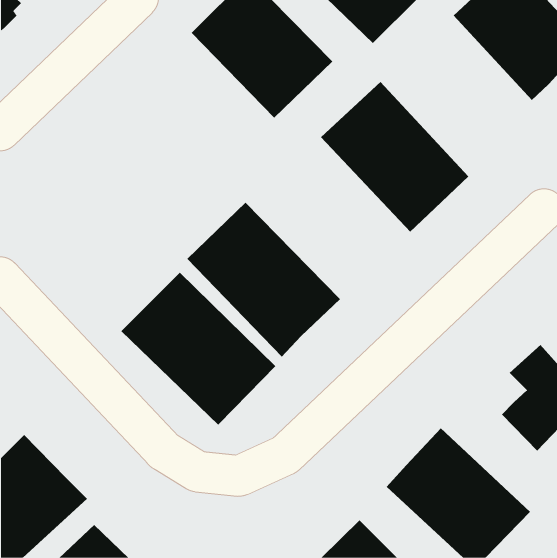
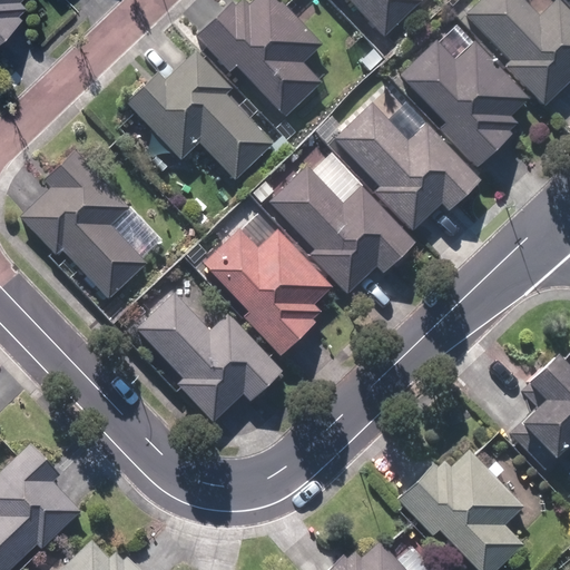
building: none -> [400,22,541,163]
building: none -> [125,51,273,180]
building: none -> [264,149,416,301]
building: none -> [16,154,163,299]

